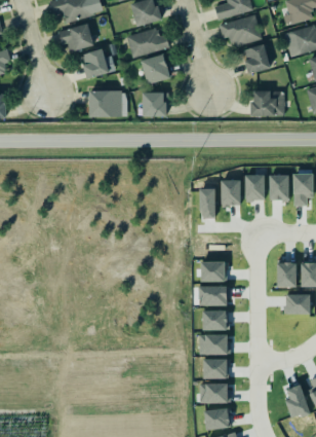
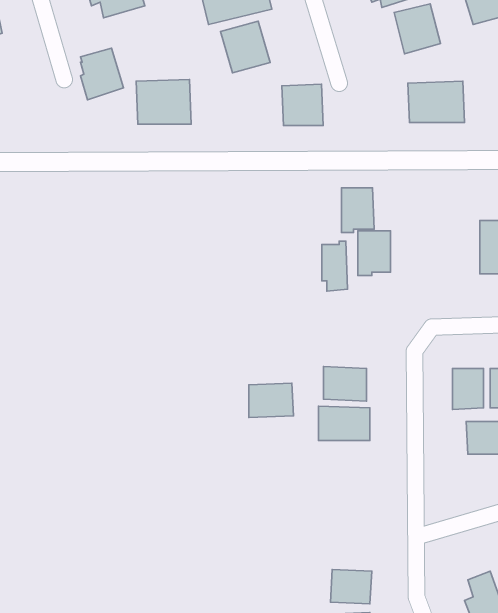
building: [82,49,108,80] -> [81,48,123,100]
building: [143,92,167,116] -> [282,84,323,125]
building: [246,175,266,202] -> [341,188,374,233]
building: [271,175,289,202] -> none
building: [202,309,229,330] -> [249,383,293,418]
building: [205,334,230,354] -> none
building: [203,358,229,378] -> none

